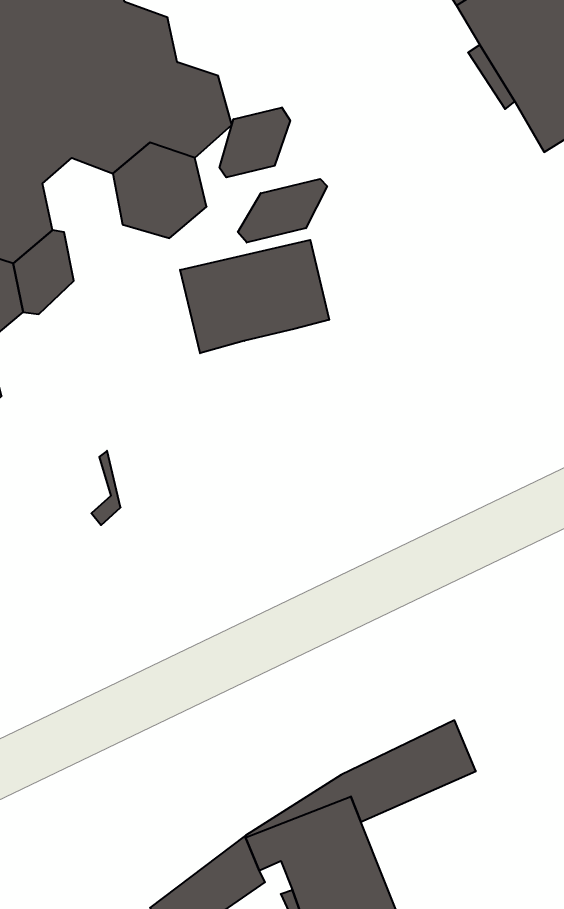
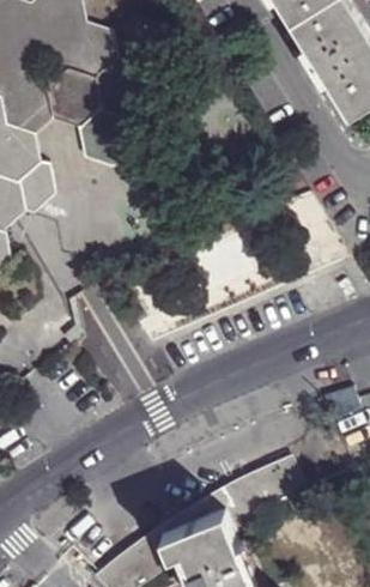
building: [220,107,290,177] -> none
building: [238,179,327,243] -> none
building: [180,240,329,353] -> none

